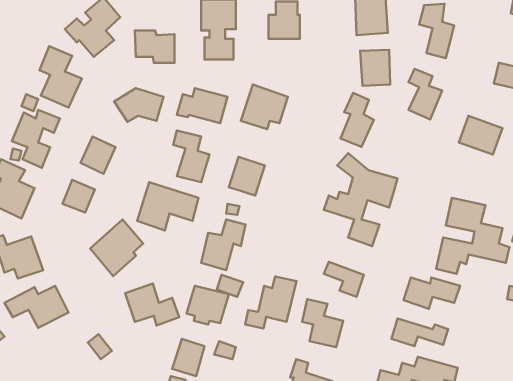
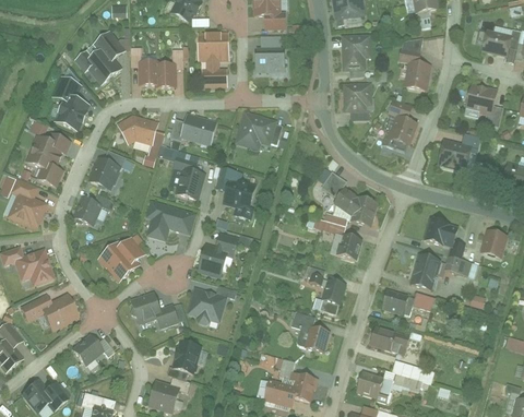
building: [340,93,374,147] -> none
building: [245,276,296,329] -> none
building: none -> [69,339,102,371]

